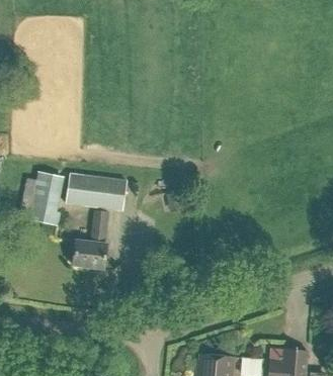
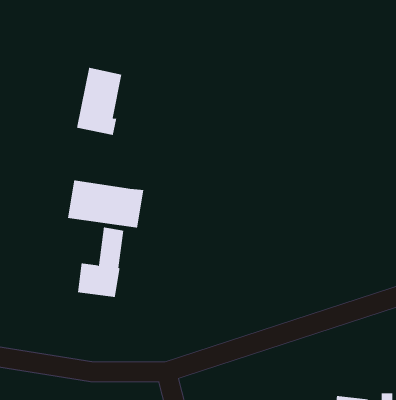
building: [26,169,64,224] -> [76,67,122,135]

